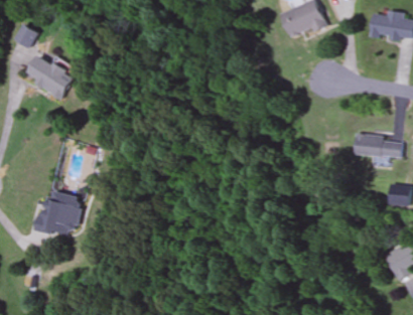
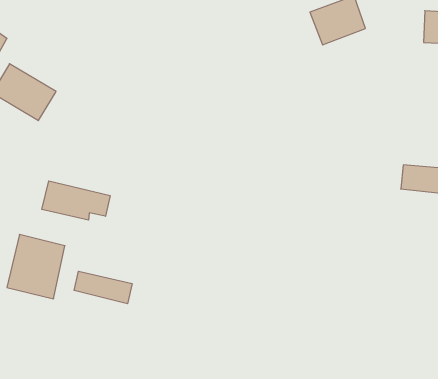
building: none -> [42,181,110,220]
building: none -> [74,271,132,304]

